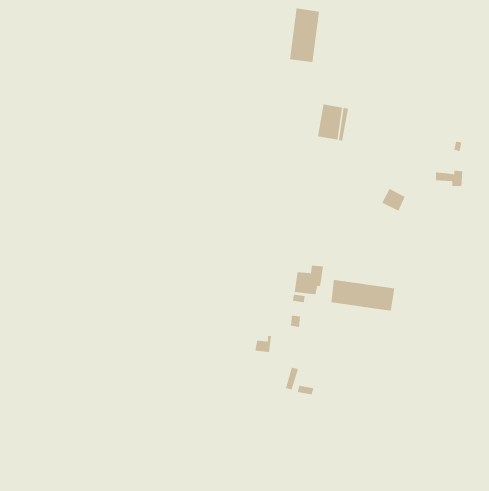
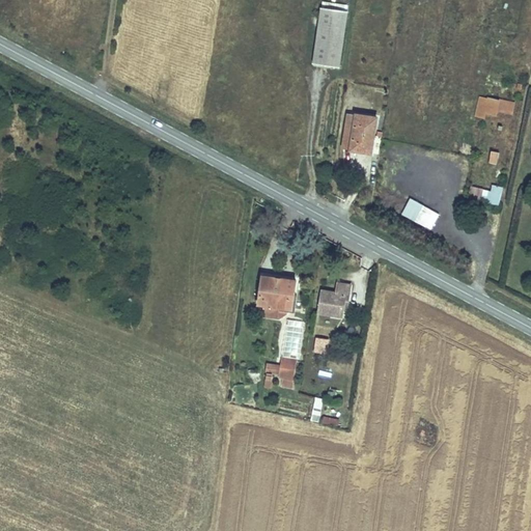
building: none -> [476,97,515,119]
building: none -> [256,275,292,309]
building: [331,279,395,311] -> none

